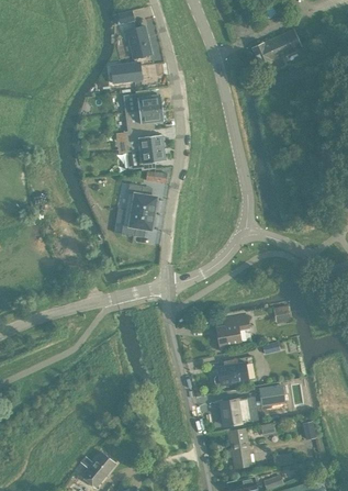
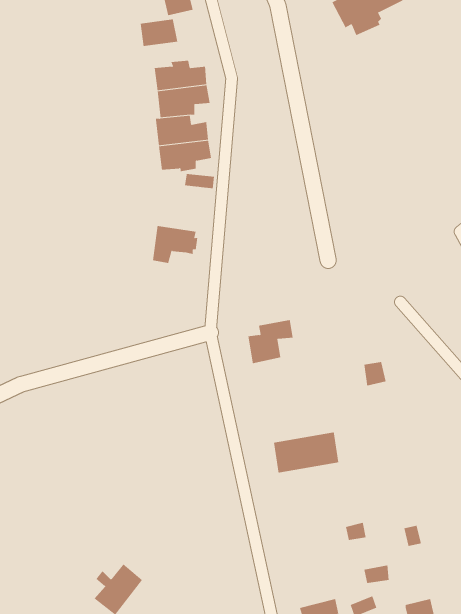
building: [125,185,158,213] -> none
building: [216,315,249,347] -> [248,319,293,364]
building: [258,384,284,406] -> none
building: [220,398,245,426] -> none
building: [228,428,251,468] -> none

